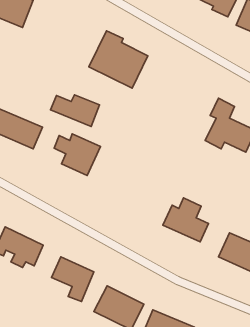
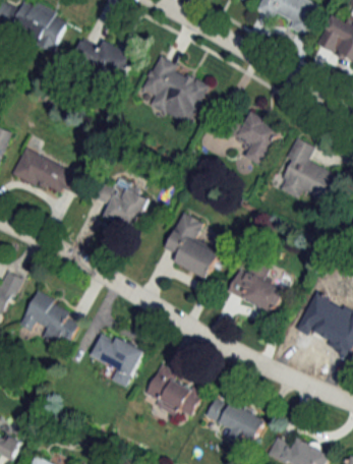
building: none -> [234,110,283,166]
building: [51,95,100,126] -> [74,40,134,78]
building: none -> [164,211,220,279]

